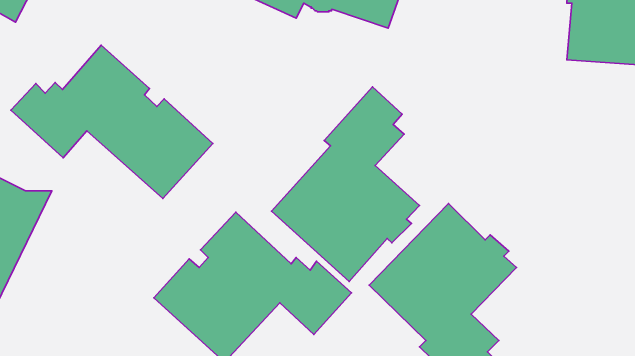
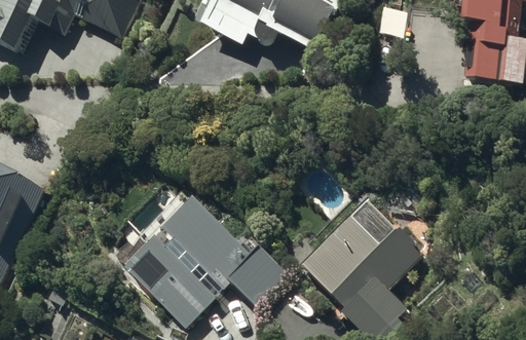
building: [11,45,213,199] -> none
building: [272,87,420,282] -> none

